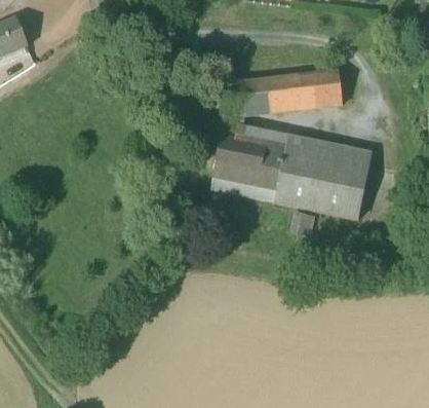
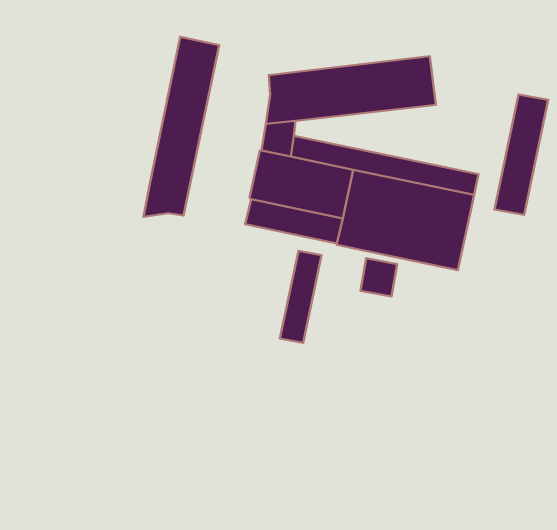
building: none -> [143,37,219,217]
building: none -> [494,95,548,215]
building: none -> [280,251,322,343]

